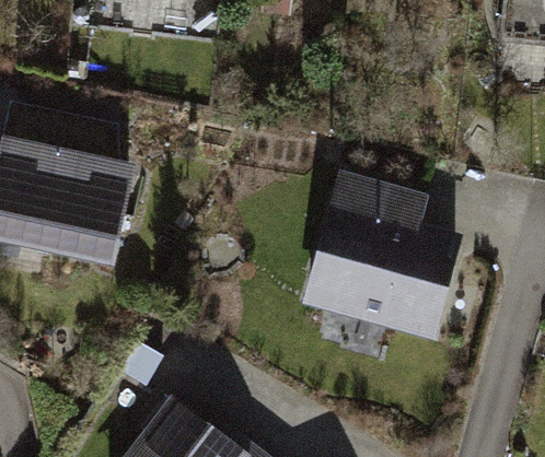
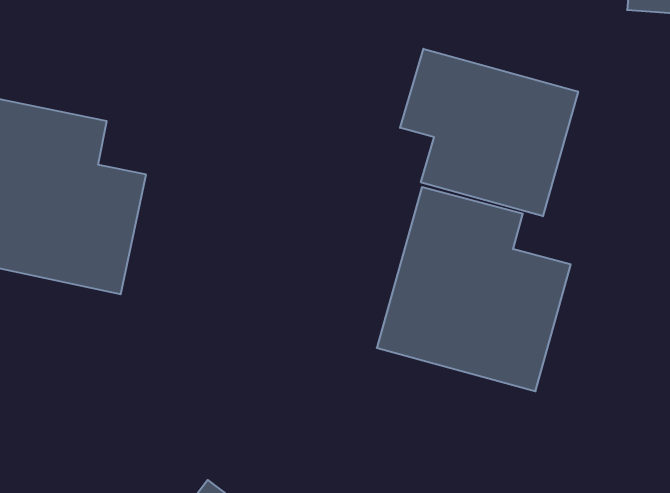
building: none -> [400,49,578,216]

